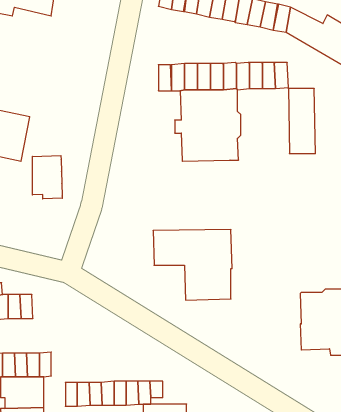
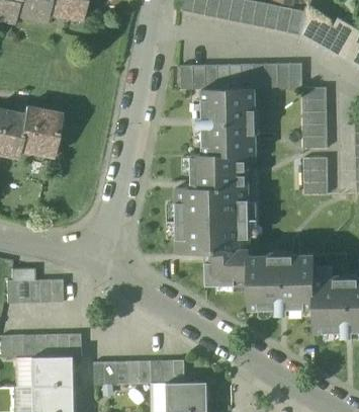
building: [32,156,62,199] -> none
building: none -> [175,155,249,221]
building: none -> [303,158,329,195]
building: none -> [249,252,315,315]

